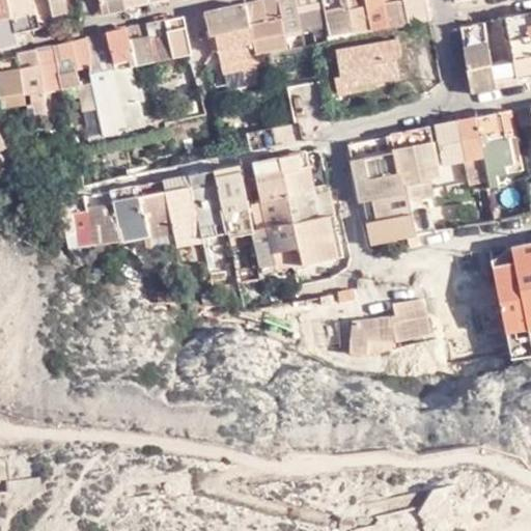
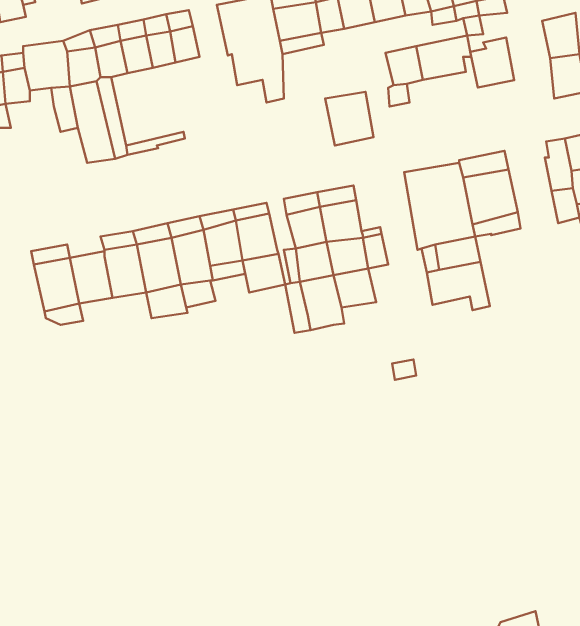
building: none -> [470,38,514,88]
building: [432,120,463,163] -> none
building: [300,215,343,260] -> none
building: [352,310,436,355] -> none

